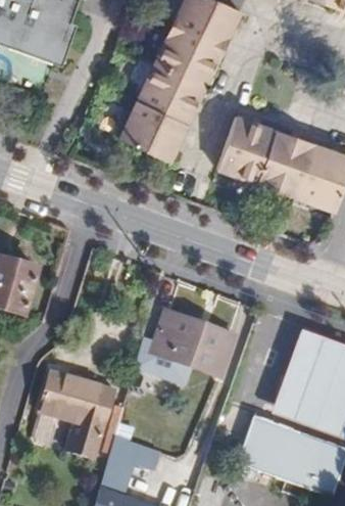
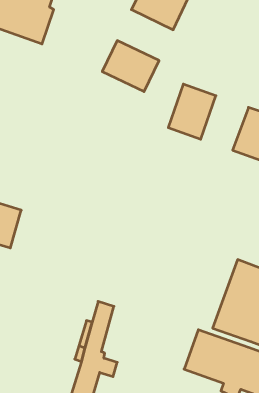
building: [154,24,223,86] -> none
building: [118,99,187,162] -> none
building: [256,129,314,195] -> none
building: [137,310,234,383] -> none
building: [40,370,114,458] -> none

